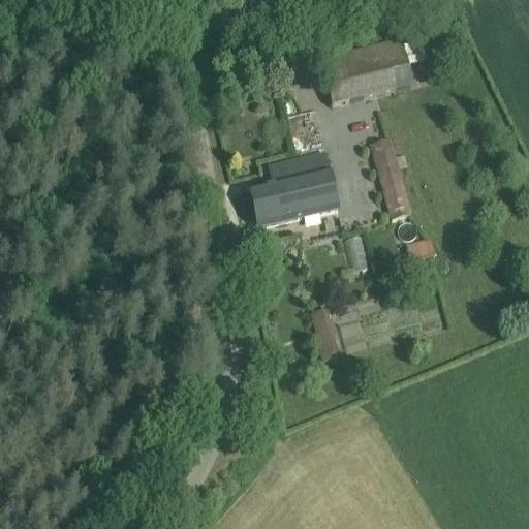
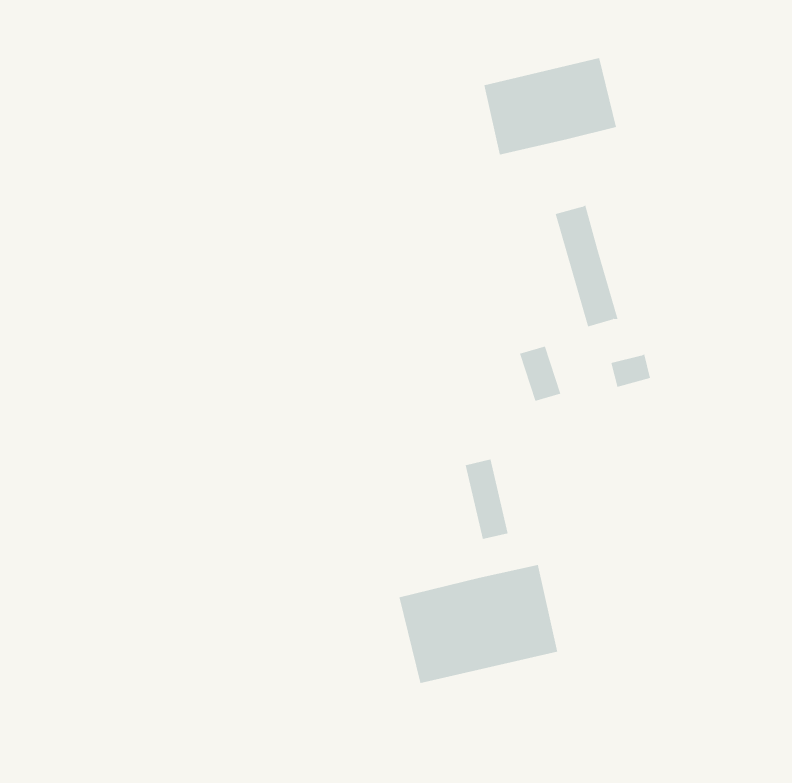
building: [248,152,340,225] -> none
building: none -> [399,564,558,684]

